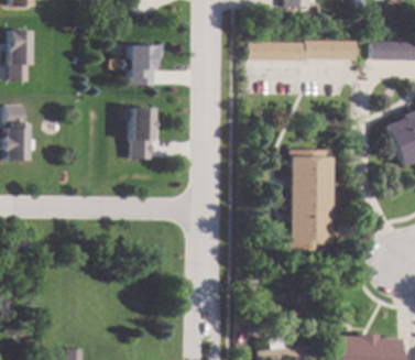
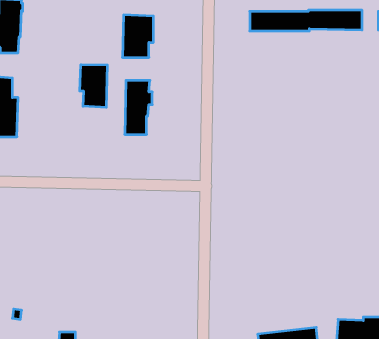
building: none -> [80,65,107,107]
building: [290,150,332,249] -> none

